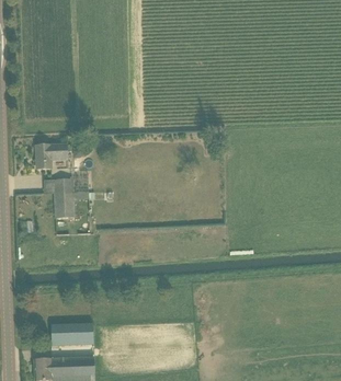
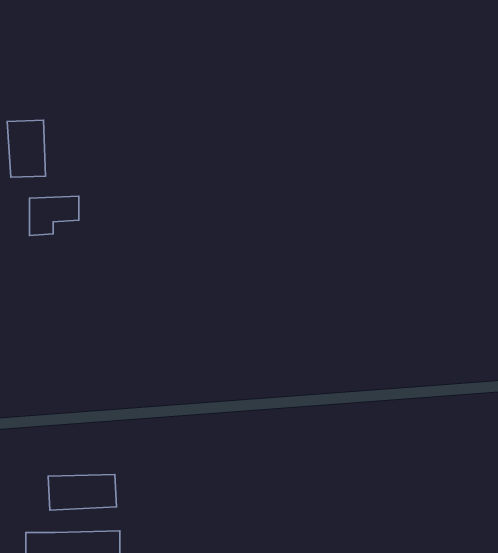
building: none -> [7,120,45,177]
building: [55,180,88,218] -> none

